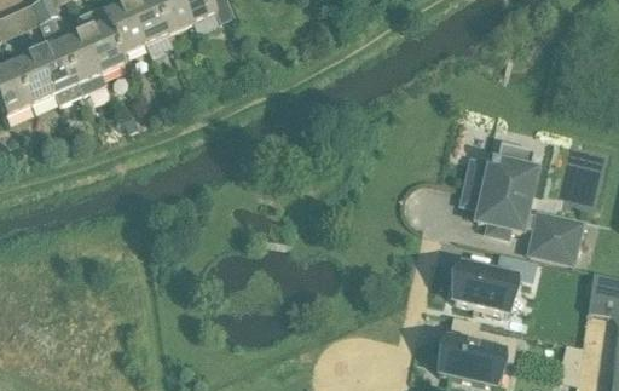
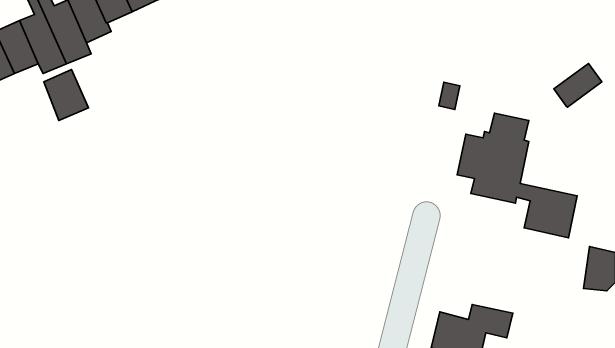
building: none -> [554,64,602,107]
building: none -> [44,70,89,120]
building: [451,255,534,314] -> none

